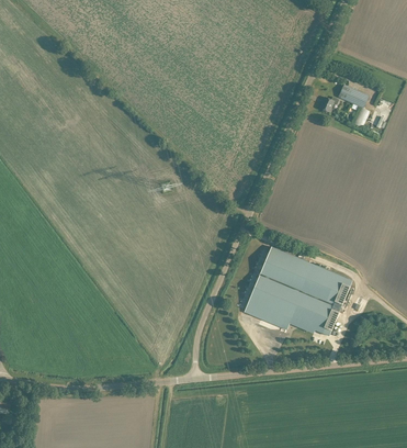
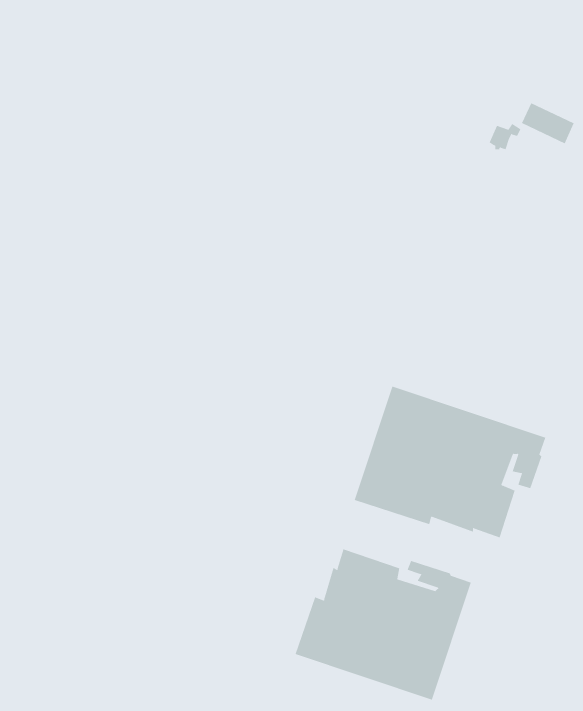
building: none -> [295,548,472,700]

